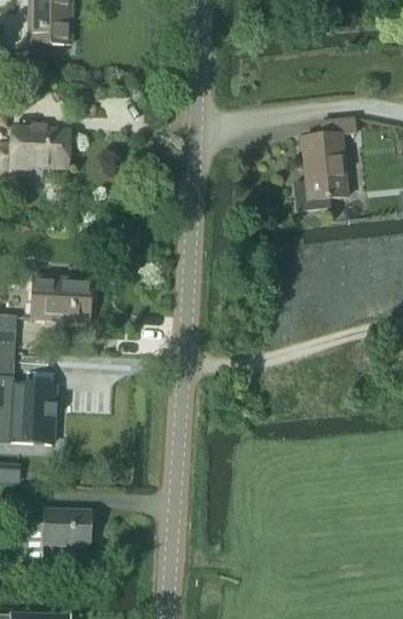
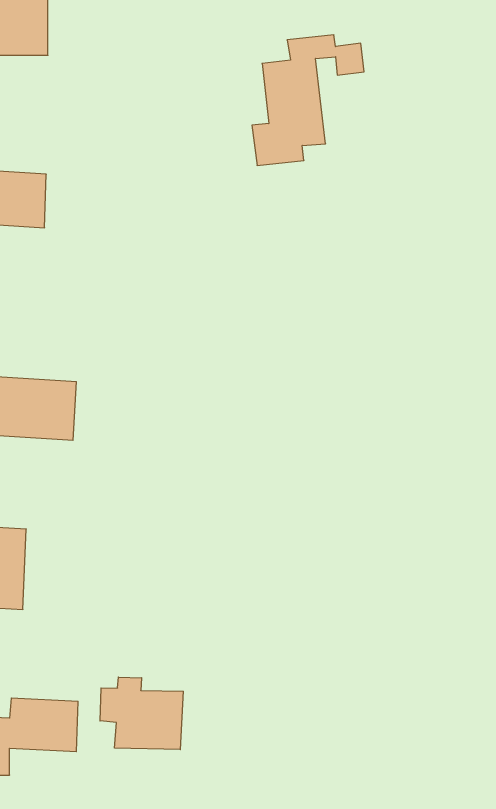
building: [294,117,375,212] -> [252,35,364,165]
building: none -> [100,677,183,750]

